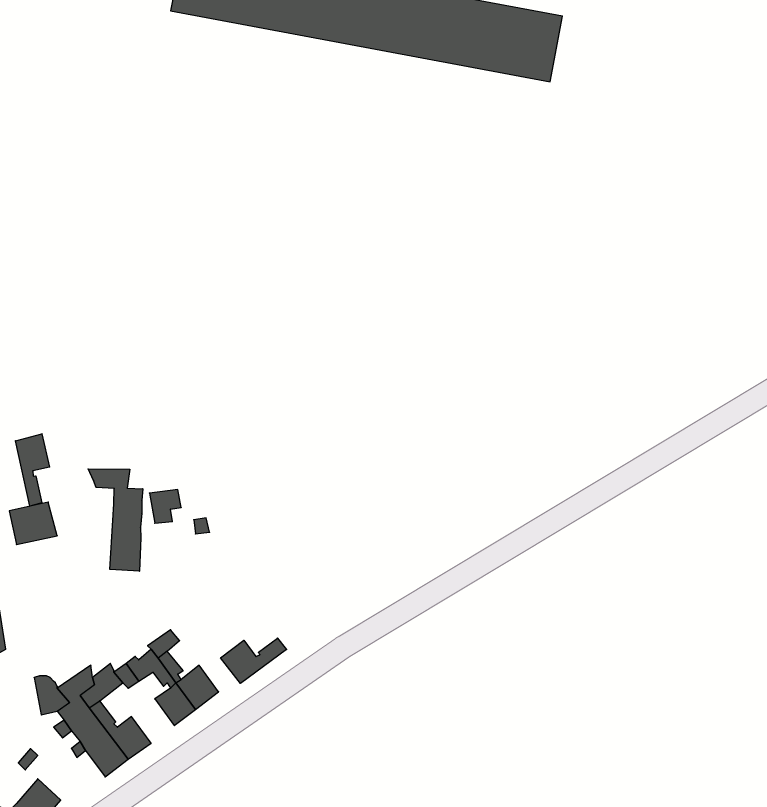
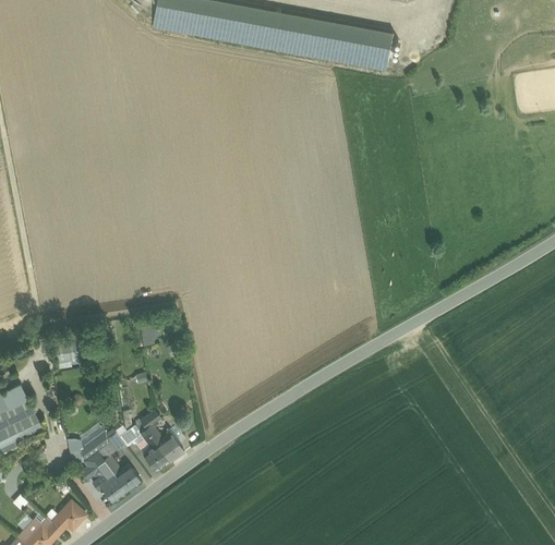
building: [15,434,50,506] -> none
building: [88,469,143,571] -> none
building: [221,638,287,683] -> none

